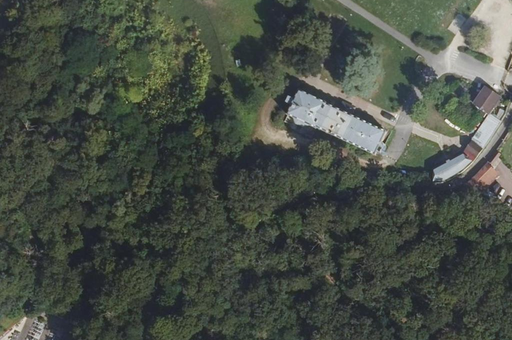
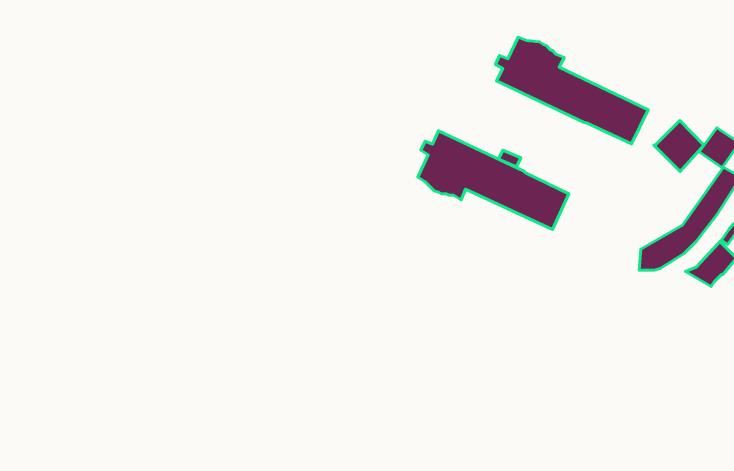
building: none -> [496,37,648,144]
building: none -> [654,121,704,171]

